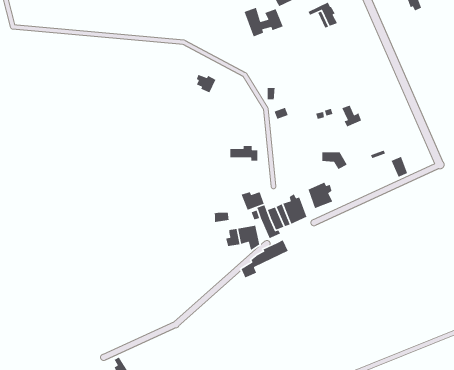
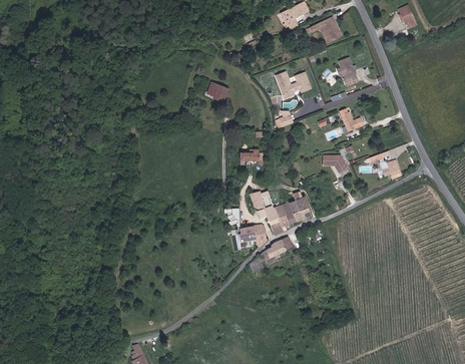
building: [243,7,284,38] -> [275,71,312,99]
building: none -> [337,57,358,86]
building: [308,182,333,209] -> none

